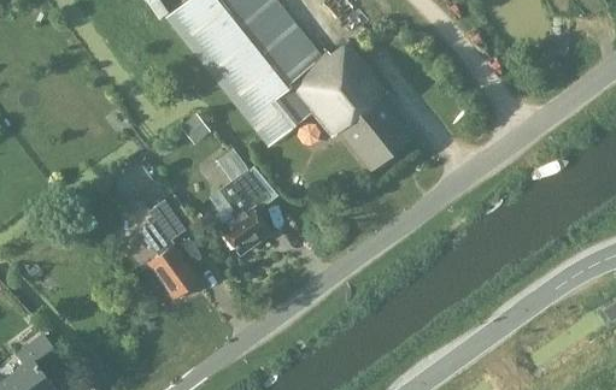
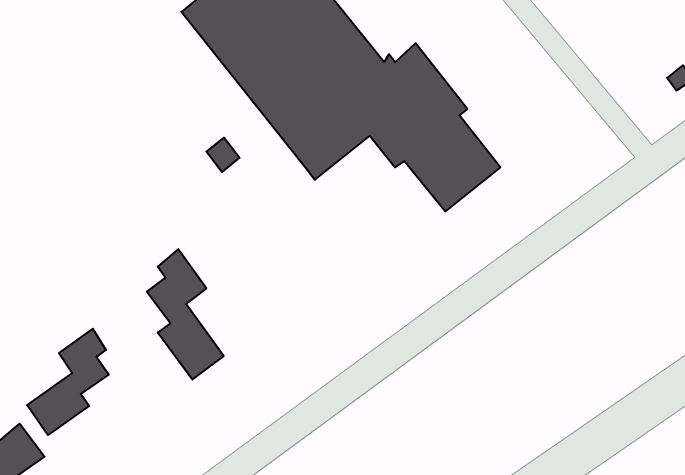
building: [217,150,278,254] -> none
building: none -> [27,329,109,435]

